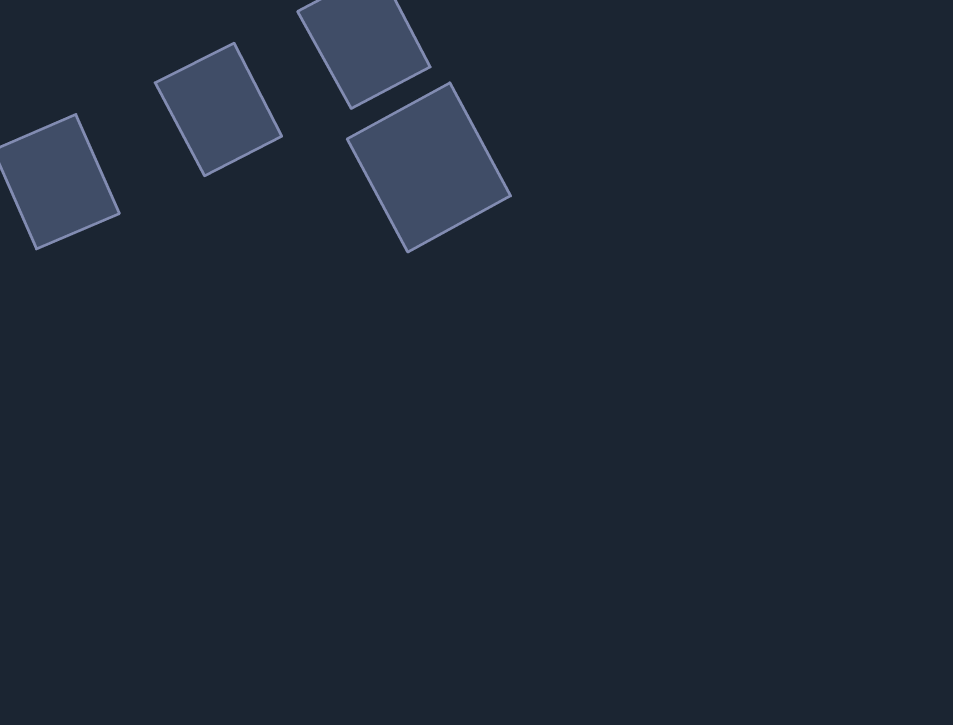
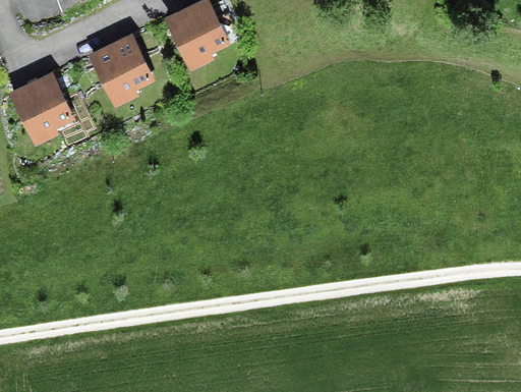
building: [347,83,511,252] -> none

